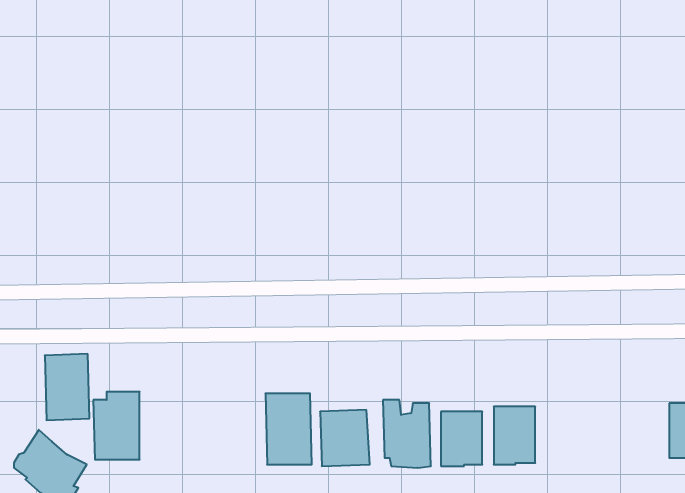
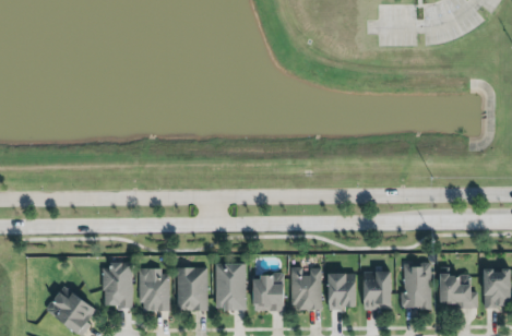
building: [45,354,89,420] -> [139,267,168,311]
building: none -> [400,263,430,309]
building: none -> [178,266,209,310]
building: none -> [442,276,480,309]

